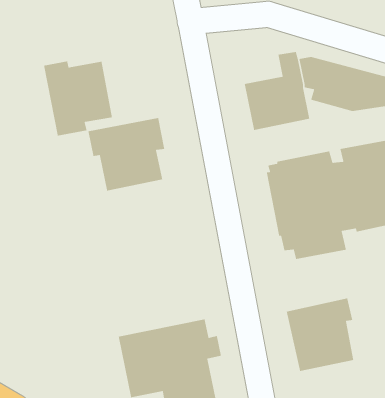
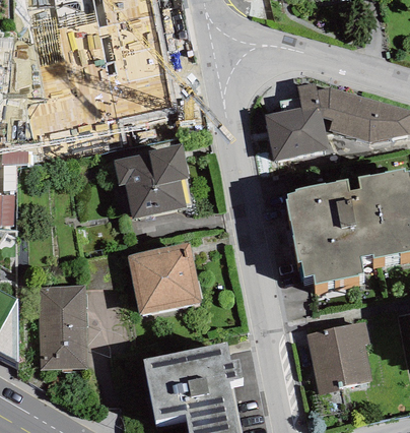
building: [43,61,113,137] -> none
building: none -> [126,243,201,316]
building: none -> [38,287,86,371]

